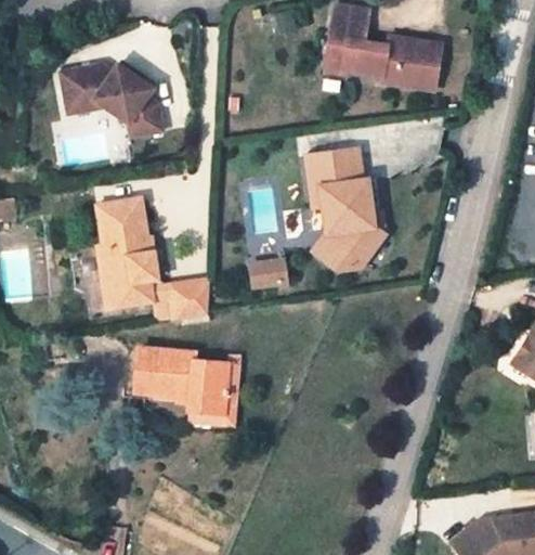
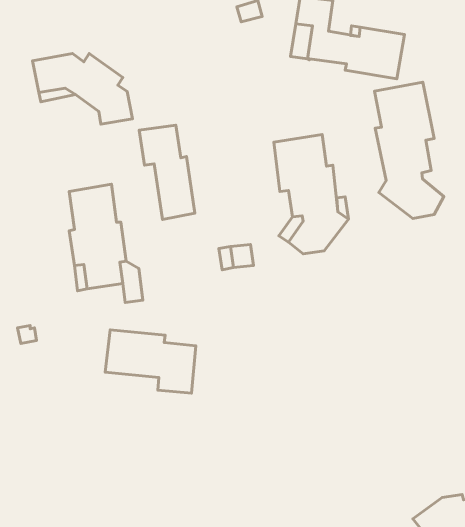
building: none -> [374,82,444,218]
building: none -> [139,125,195,219]
building: [169,280,210,320] -> none
building: [187,357,238,425] -> none

